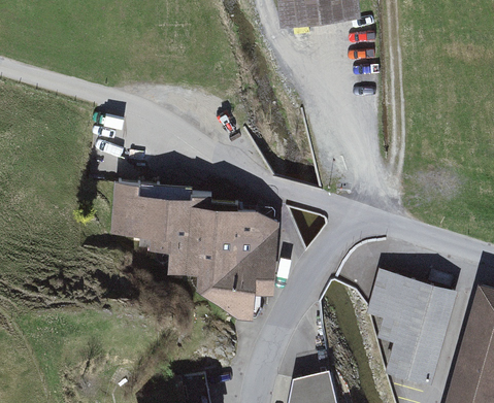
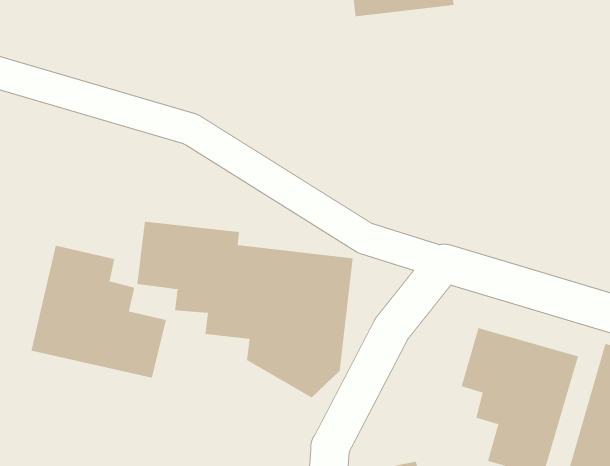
building: none -> [31,245,166,378]

